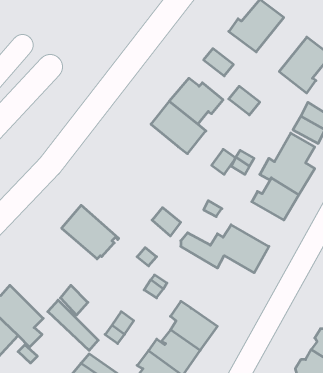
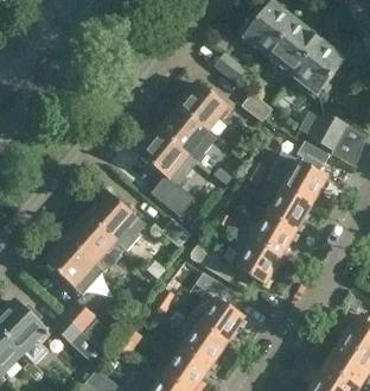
building: none -> [268,20,320,76]
building: none -> [139,131,197,214]
building: none -> [87,191,145,250]
building: none -> [242,212,296,258]
building: none -> [45,239,103,295]
building: none -> [194,272,245,341]

